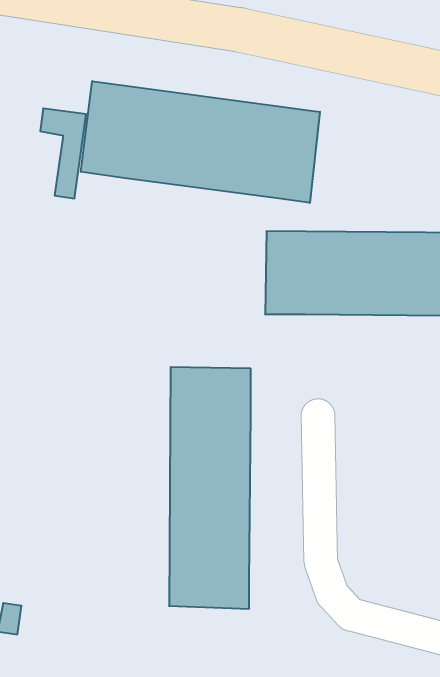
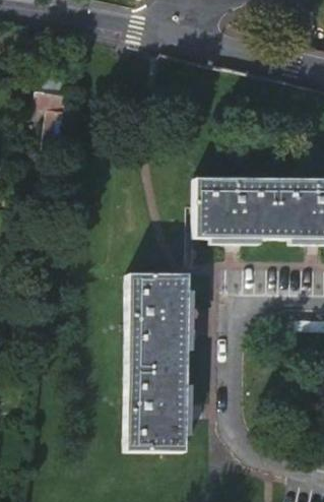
building: [81,81,320,203] -> none

